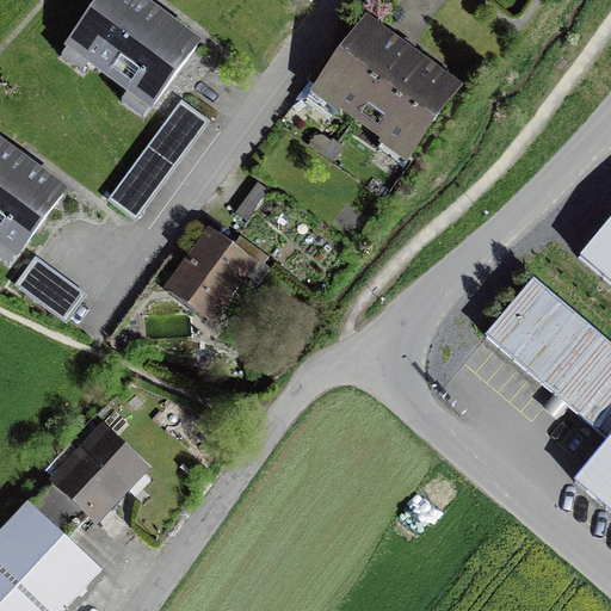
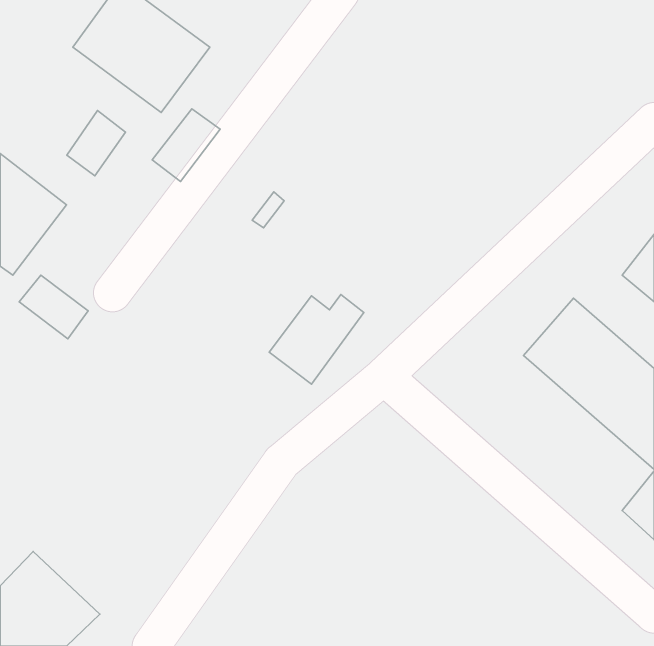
building: [321,23,452,149] -> none
building: [113,149,168,210] -> [67,110,126,176]
building: [169,229,258,313] -> [269,295,364,384]
building: [60,431,146,518] -> none

